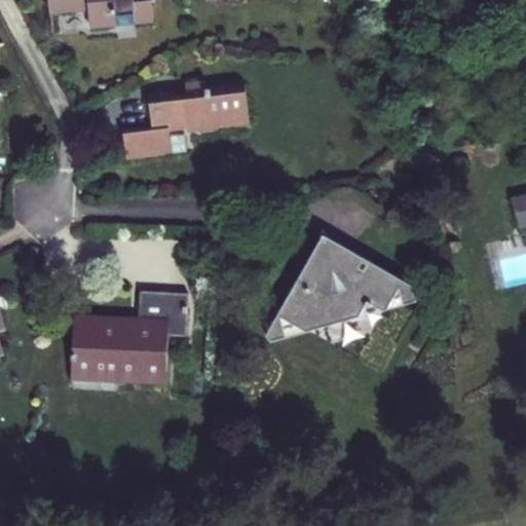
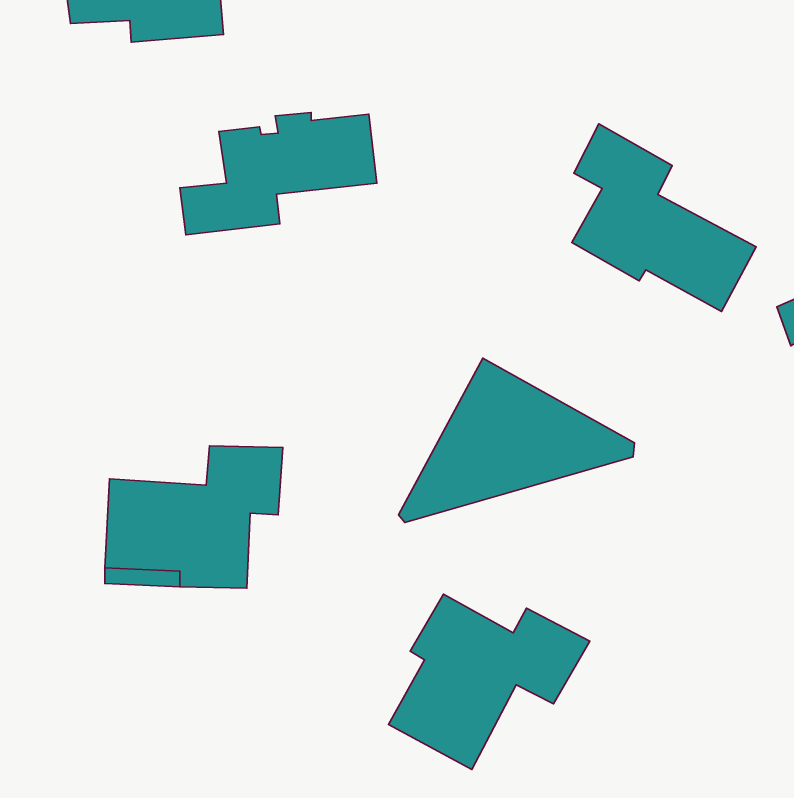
building: none -> [572,124,756,311]
building: none -> [389,594,590,770]

